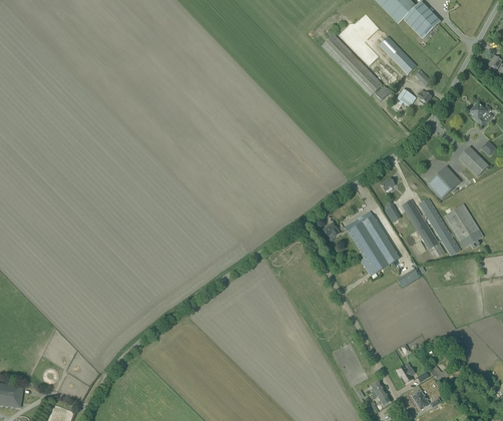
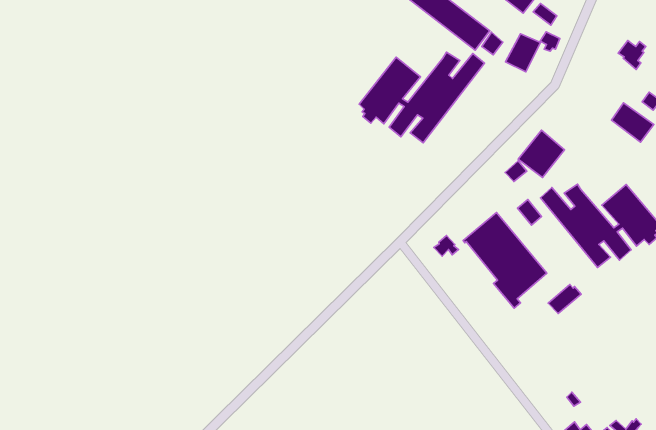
building: none -> [359,52,484,143]
building: [427,165,460,198] -> [518,130,564,178]

